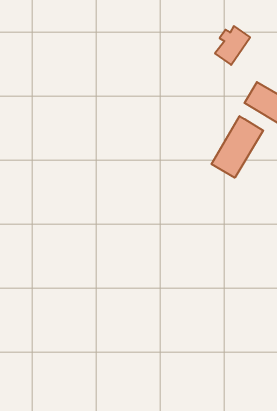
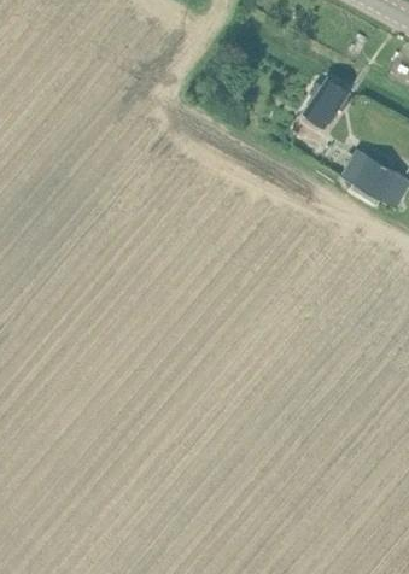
building: [212,116,263,178] -> none

